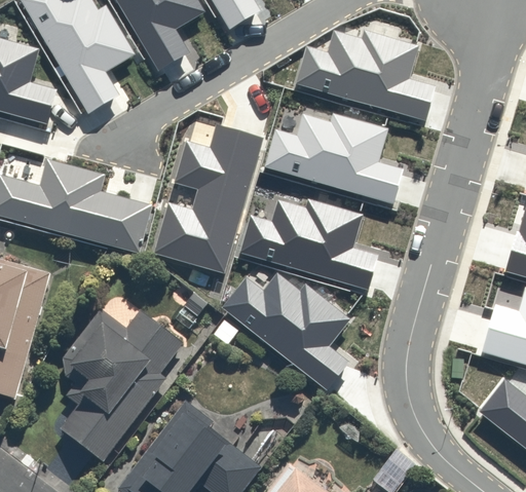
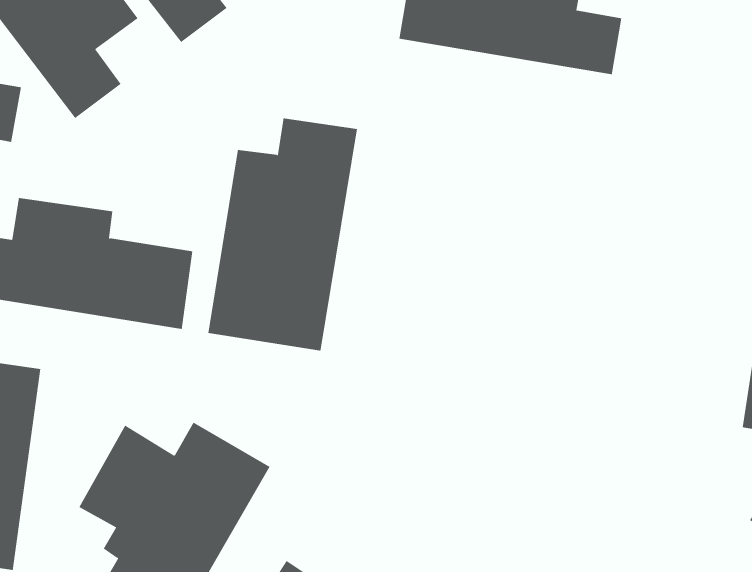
building: [264,114,404,205] -> none
building: [239,200,379,290] -> none
building: [222,273,350,392] -> none

